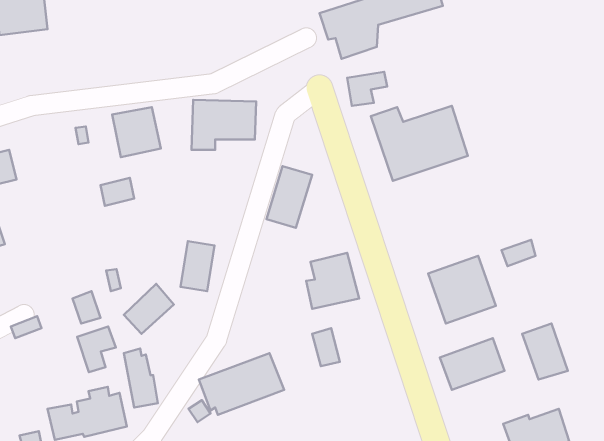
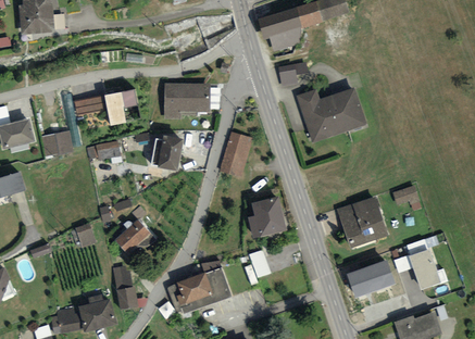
building: none -> [41,131,72,156]
building: [181,241,214,291] -> [158,133,183,170]
building: [77,327,116,372] -> none

